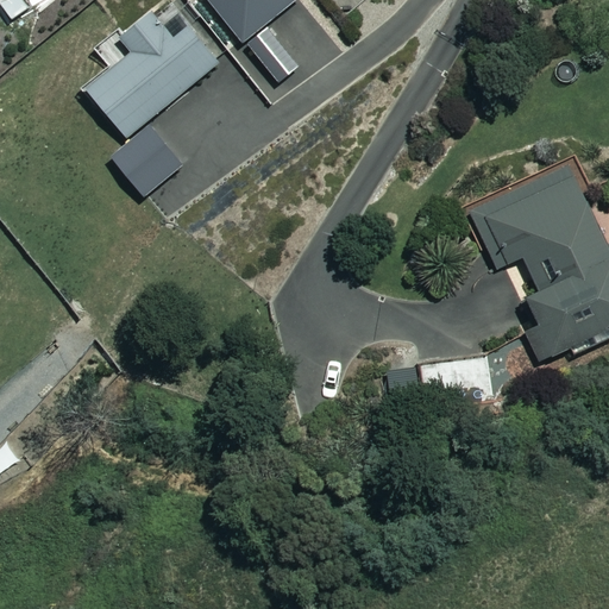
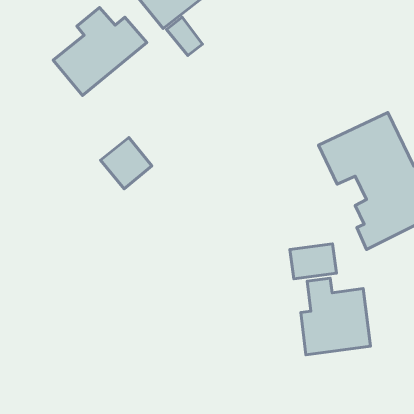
building: [108,123,183,197] -> [100,137,152,189]
building: none -> [301,278,371,355]

